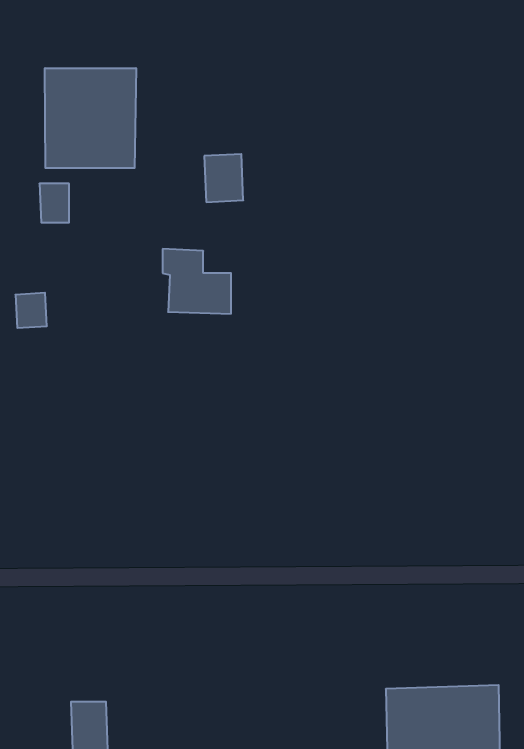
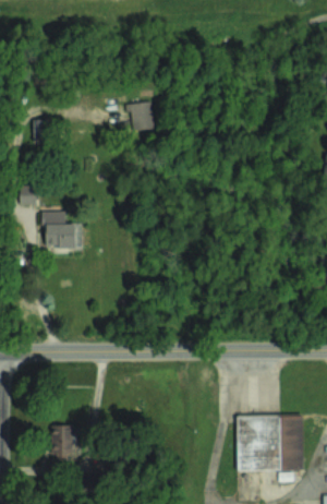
building: [45,68,136,168] -> none
building: [163,249,231,314] -> [41,209,82,248]

